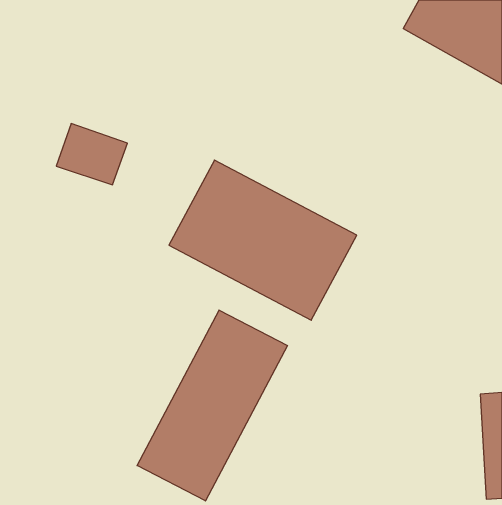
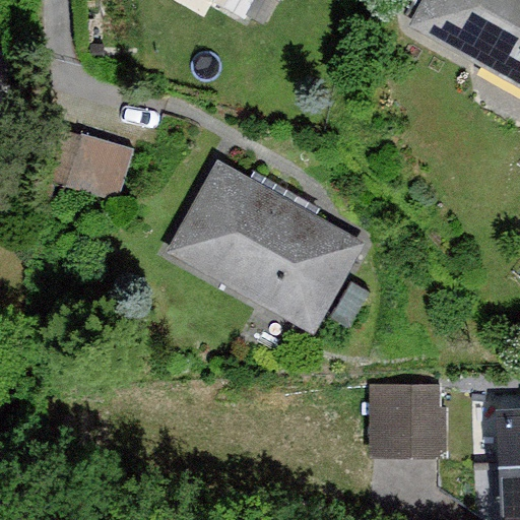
building: [137,310,287,501] -> none
building: none -> [368,386,444,455]

